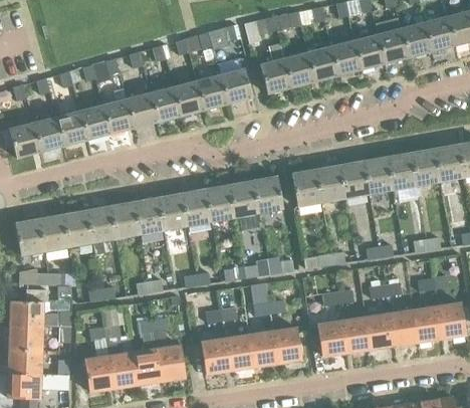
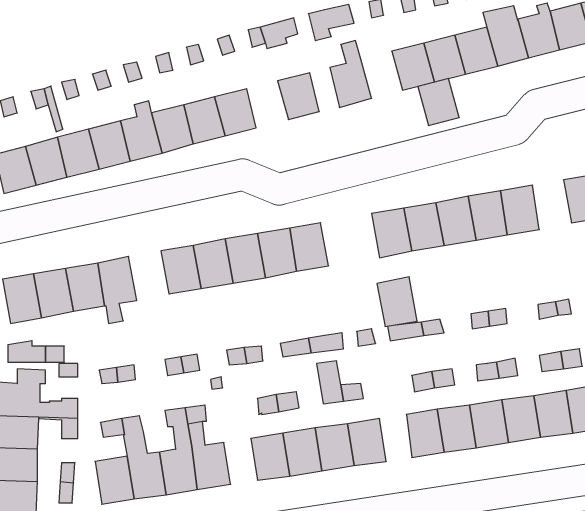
building: [283,52,314,87] -> [418,78,459,125]
building: [198,74,229,110] -> none
building: [412,149,441,186] -> none
building: [253,176,283,213] -> [377,277,417,326]
building: [109,202,140,239] -> none

